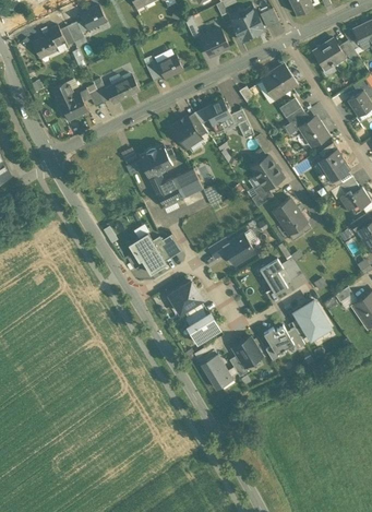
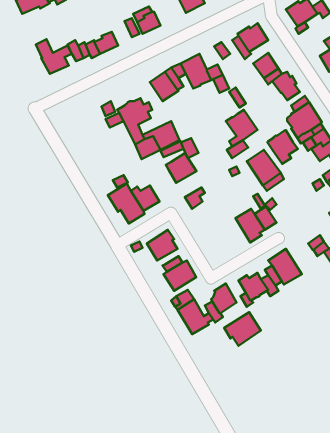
building: none -> [268,130,298,164]
building: [223,234,254,264] -> [166,153,196,183]
building: none -> [224,312,261,346]

